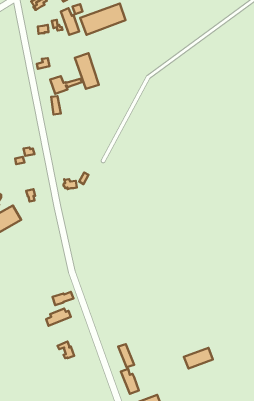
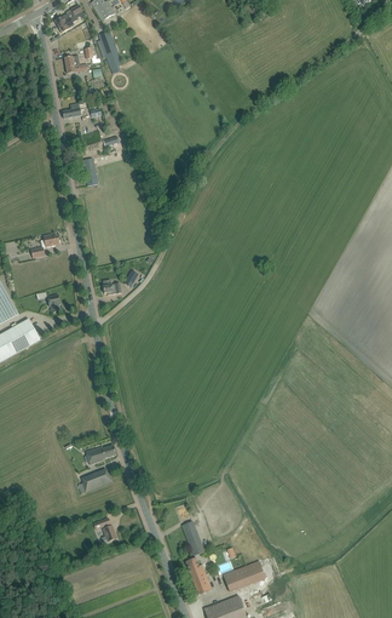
building: [80,4,126,35] -> none
building: [75,53,99,89] -> none
building: [184,348,213,369] -> [223,561,265,591]

